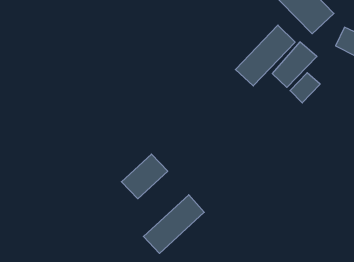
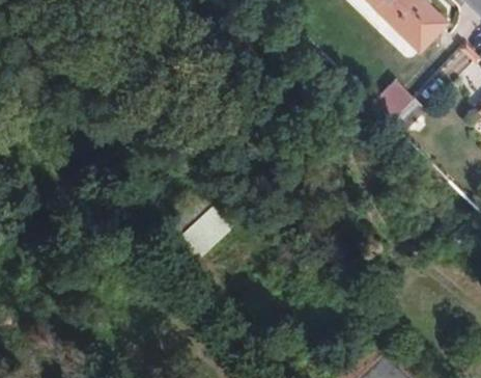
building: [235,25,295,86] -> none
building: [143,195,204,253] -> none

